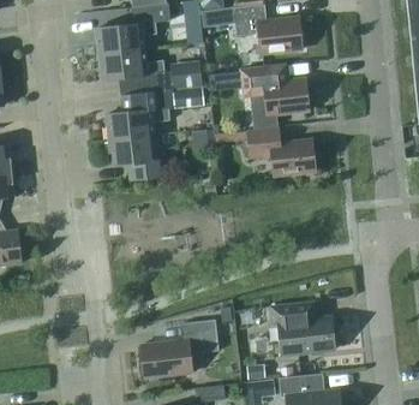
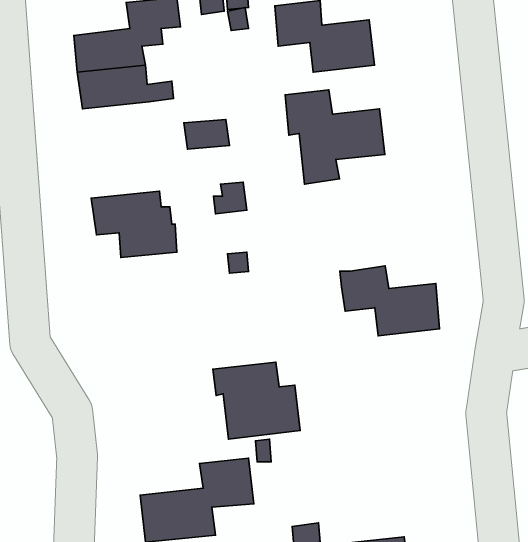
building: [169,60,202,89] -> none
building: [104,89,169,141] -> none
building: [246,127,315,175] -> [340,266,439,336]
building: [270,302,330,355] -> [213,362,300,439]

